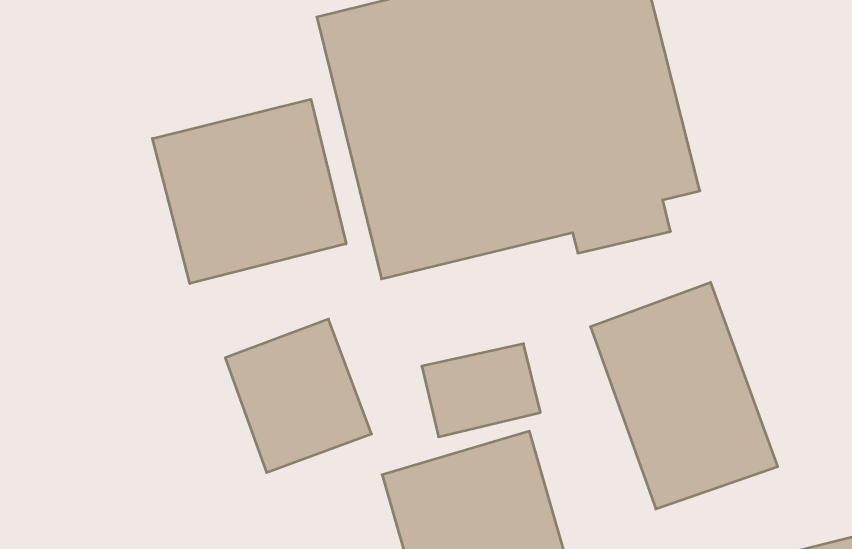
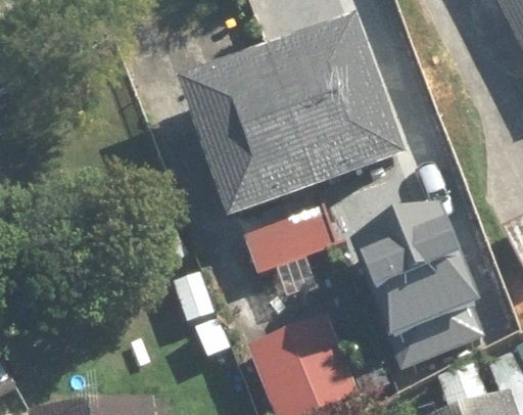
building: [152,99,346,284] -> none

